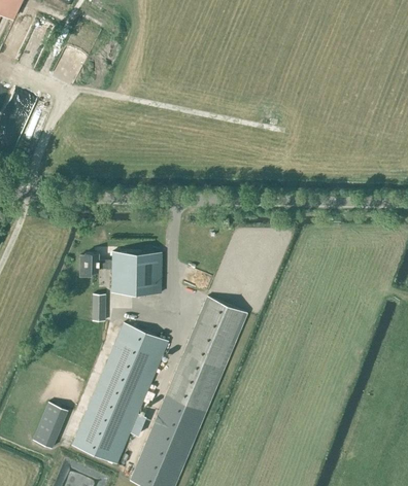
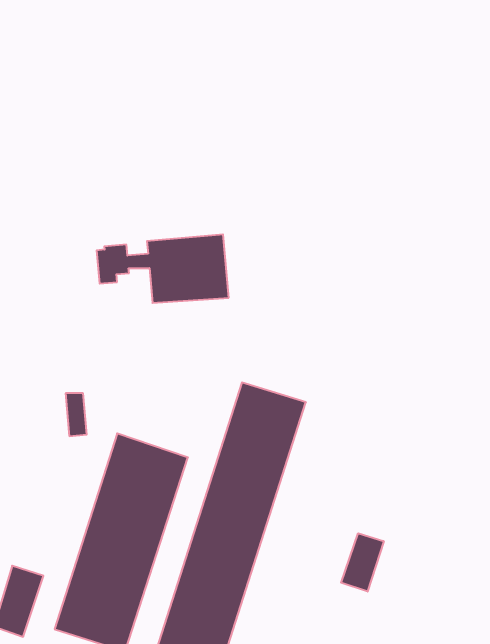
building: [79,252,162,293] -> [97,234,229,303]
building: none -> [341,533,384,592]

